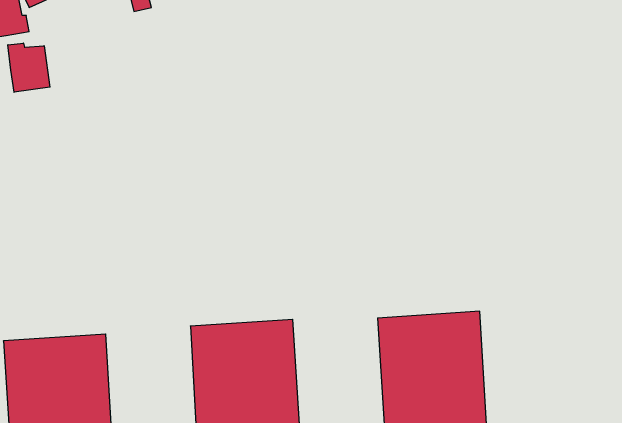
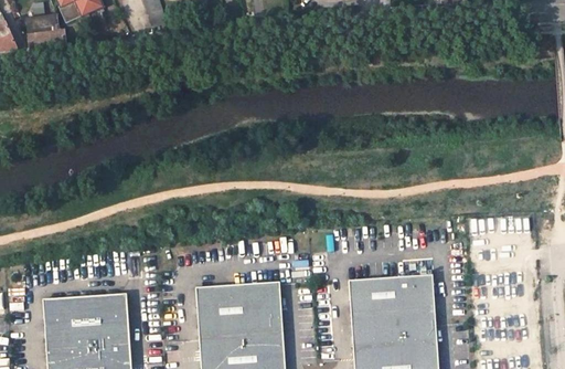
building: [8,43,50,92] -> none

